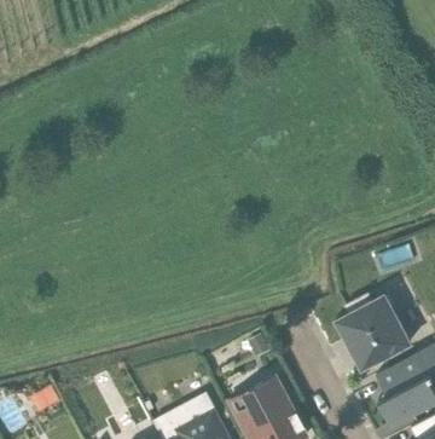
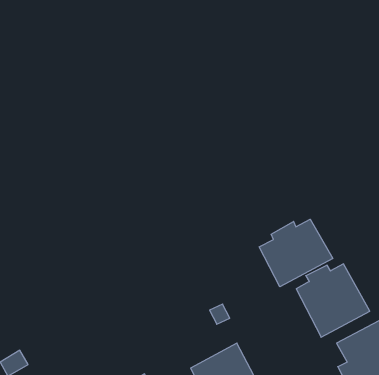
building: none -> [259,219,333,287]

